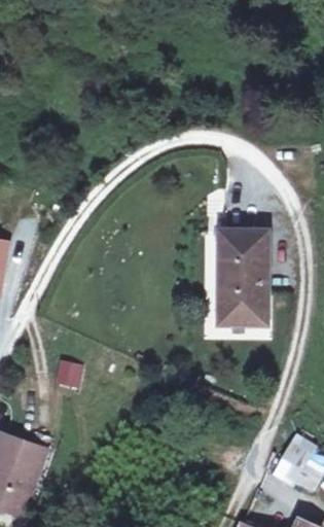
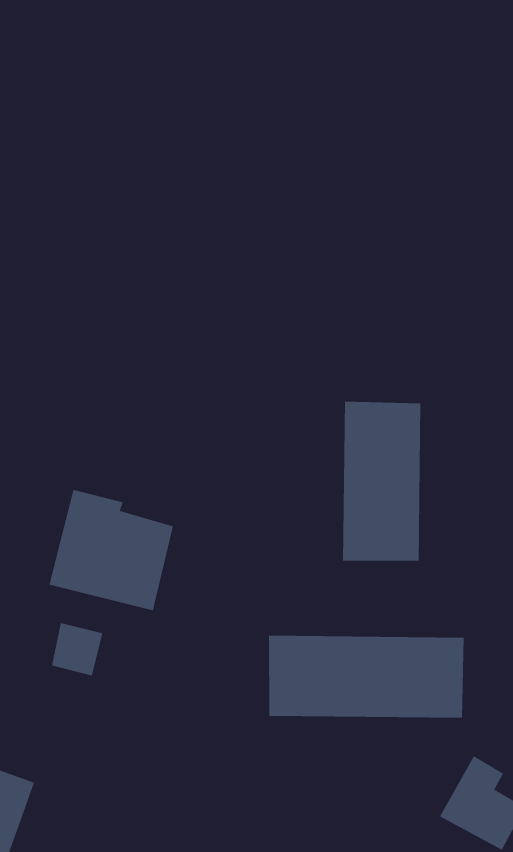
building: none -> [49,489,173,611]
building: none -> [269,635,464,719]

